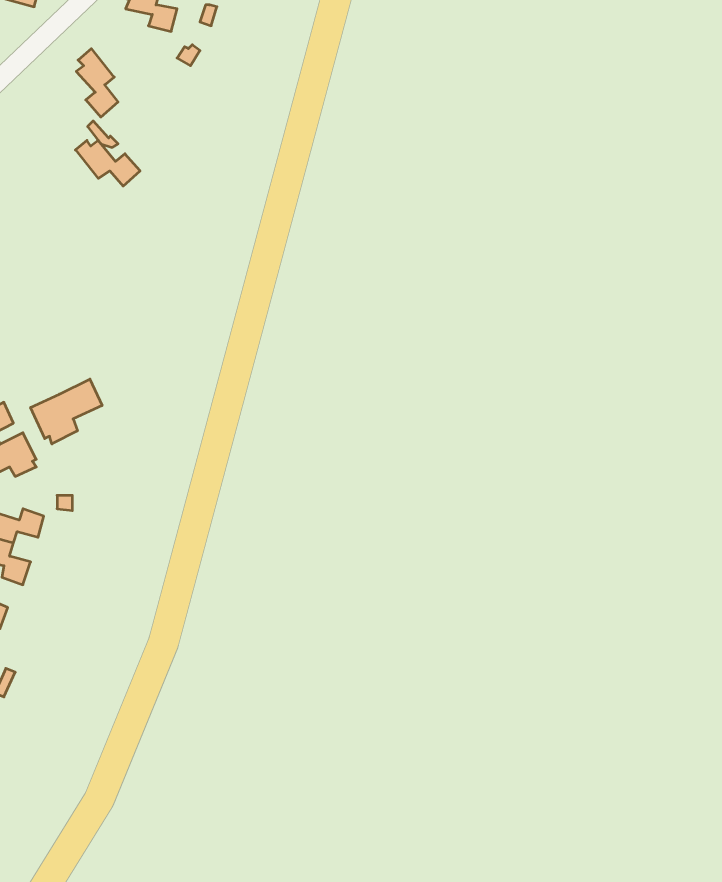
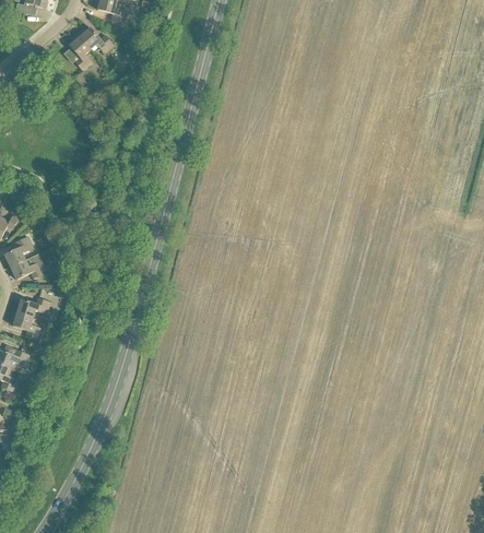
building: [75,140,140,186] -> [76,27,114,54]
building: [31,379,102,444] -> none

